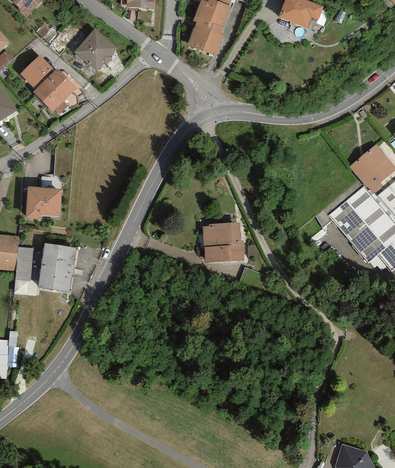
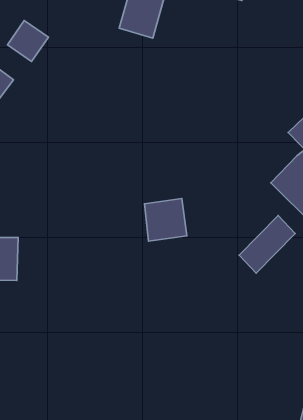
building: none -> [239,216,295,273]

